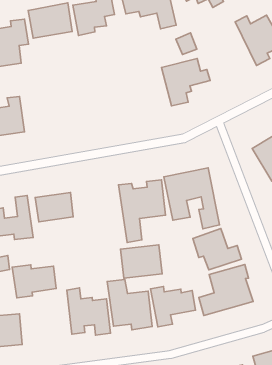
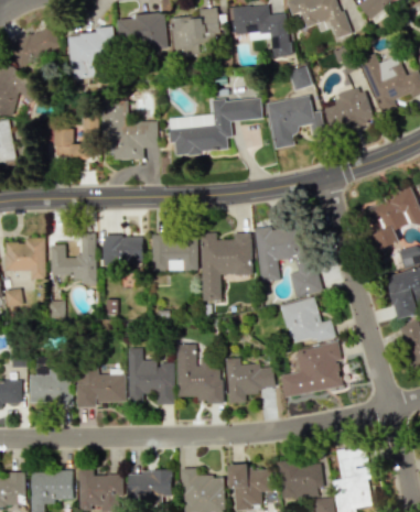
building: none -> [325,86,373,131]
building: none -> [171,97,265,154]
building: none -> [106,99,161,159]
building: [121,245,162,278] -> [154,236,200,270]
building: [12,265,56,298] -> [76,370,125,406]

